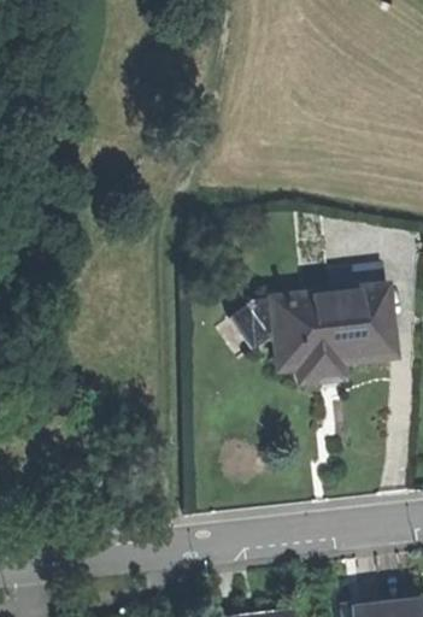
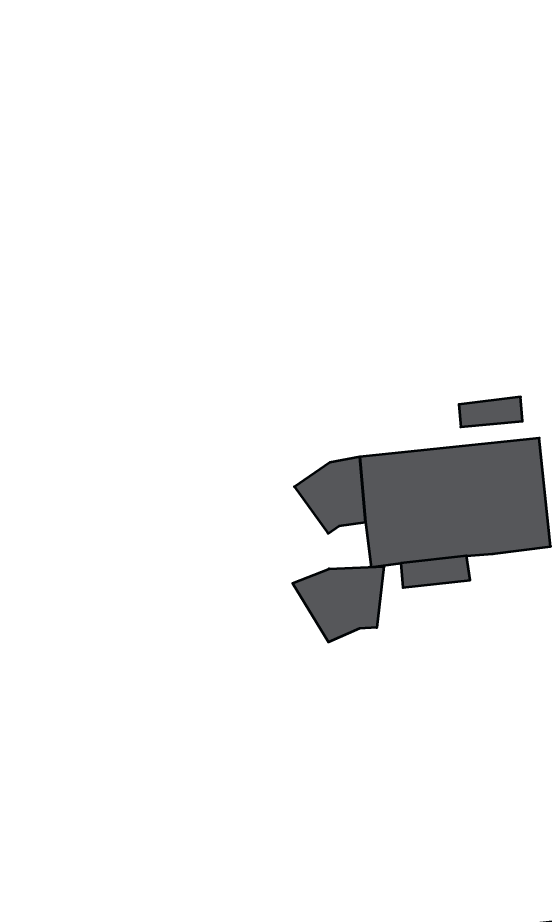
building: none -> [293,566,384,642]

